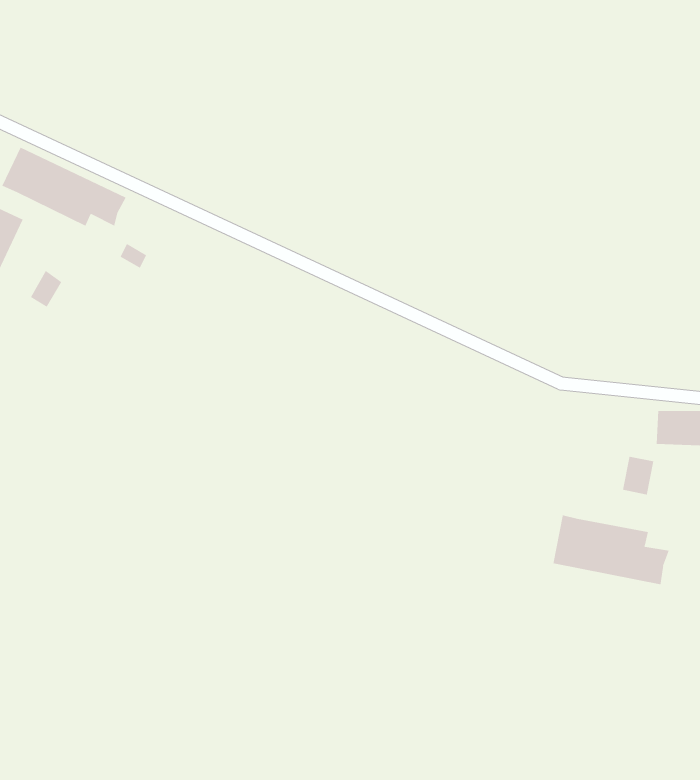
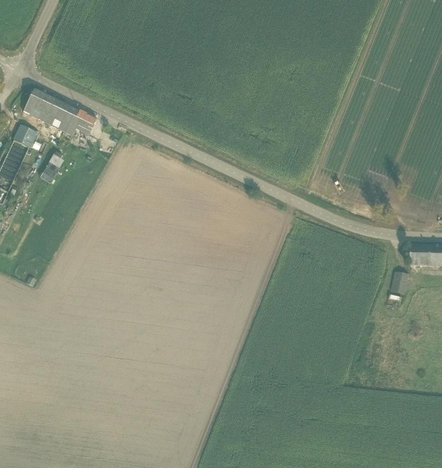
building: [553,515,669,585] -> none

